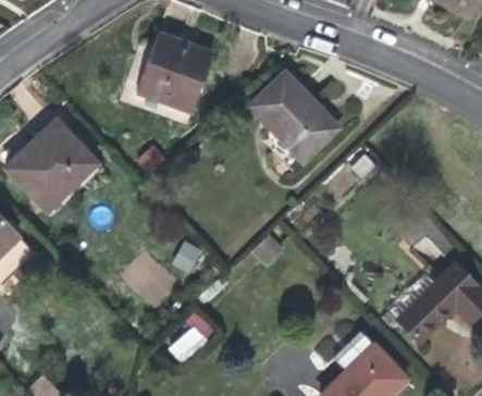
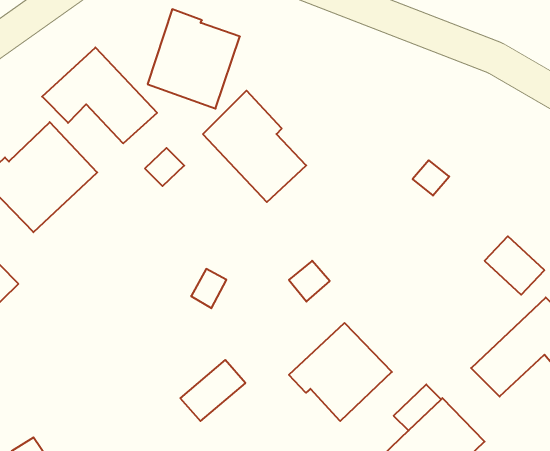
building: none -> [42,47,157,143]
building: [251,72,334,161] -> [203,91,306,202]
building: none -> [289,323,392,421]

